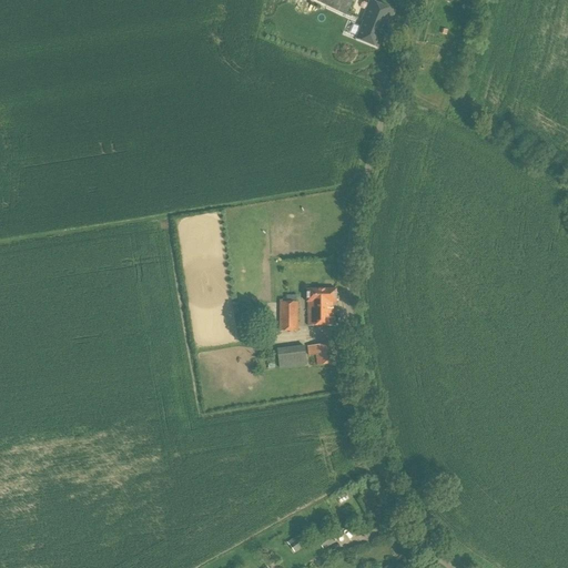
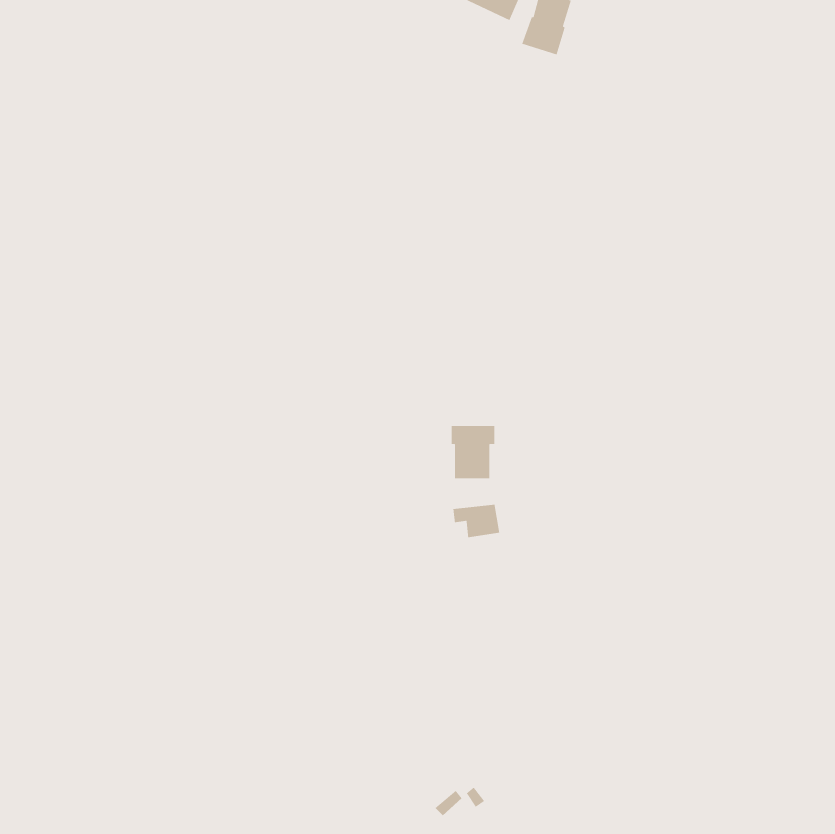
building: [280,302,297,331] -> none
building: [277,345,306,367] -> none

